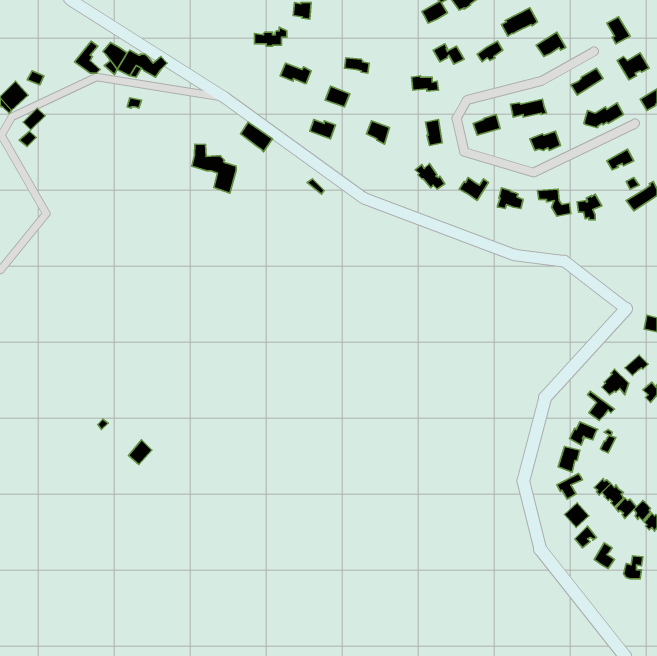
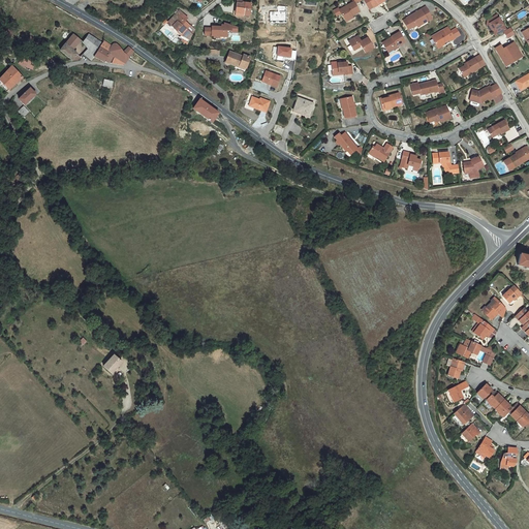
building: none -> [168,9,194,39]
building: [192,144,236,193] -> none

